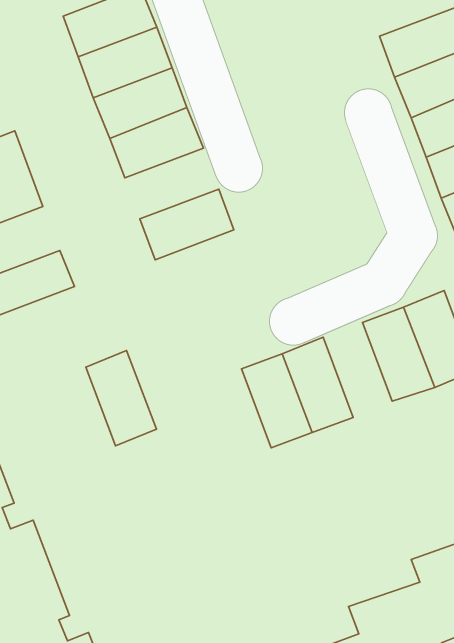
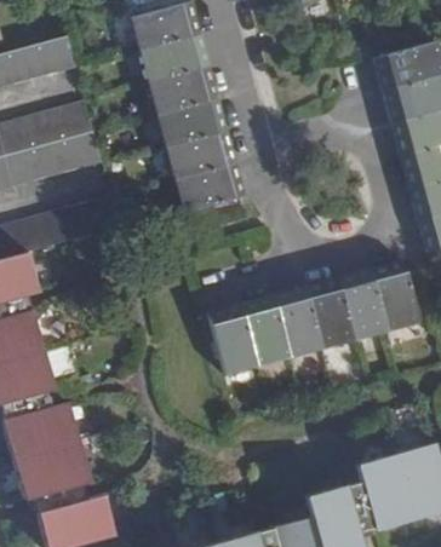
building: none -> [167,131,239,180]
building: none -> [308,277,356,350]
building: [86,350,156,446] -> [210,304,259,376]

